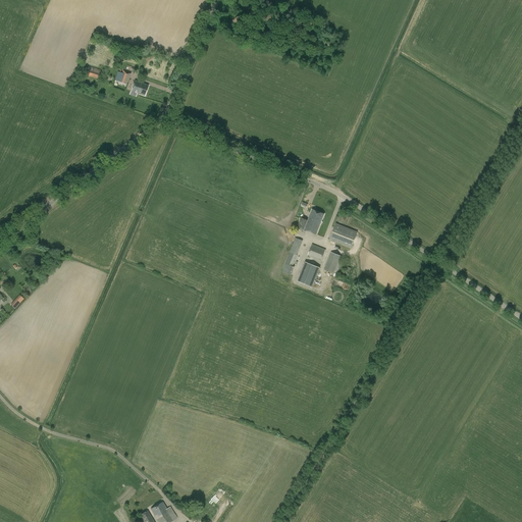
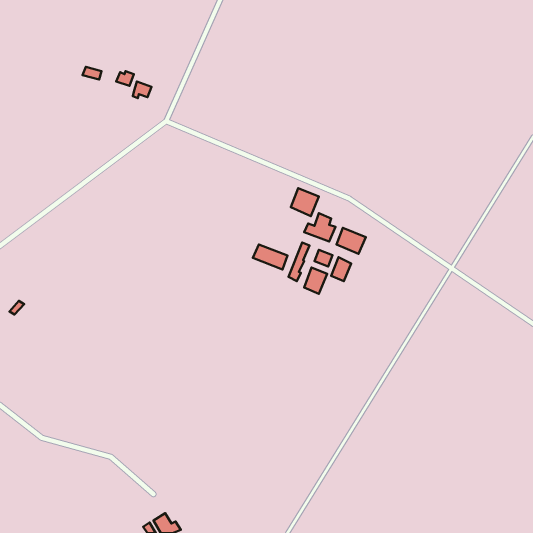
building: none -> [291,188,319,216]
building: none -> [253,245,287,269]

